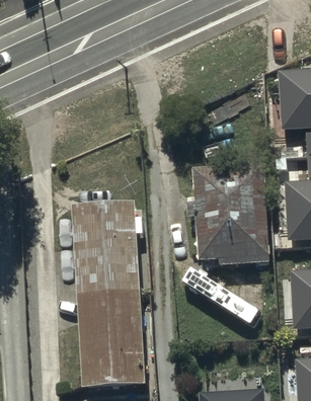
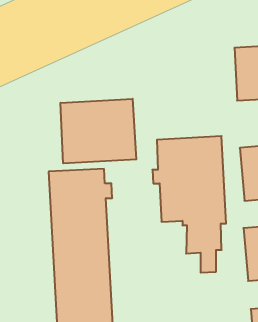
building: none -> [61,99,136,163]

